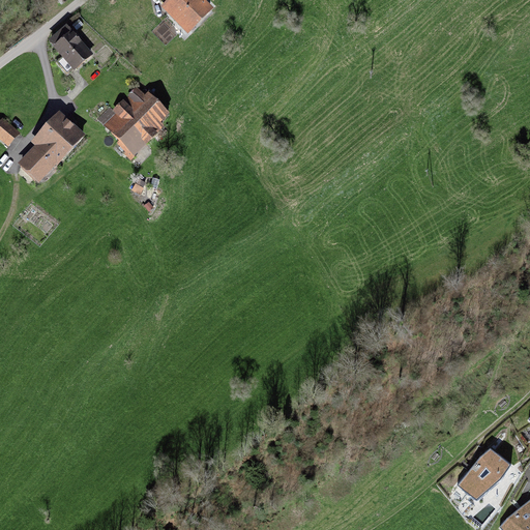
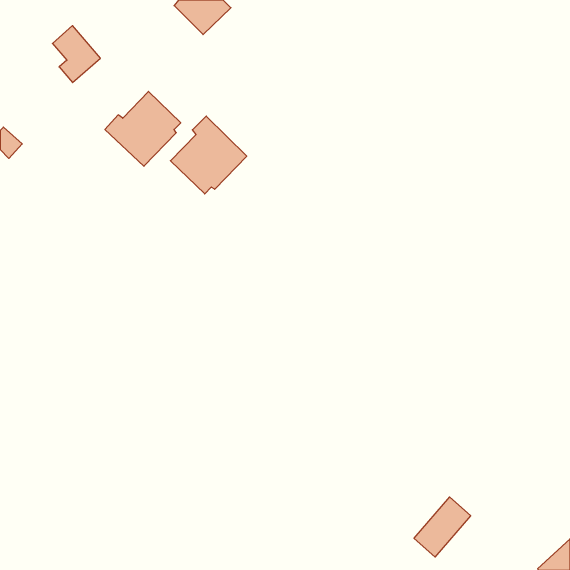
building: none -> [170,116,247,194]
building: [19,109,86,181] -> none
building: [458,447,510,503] -> [414,497,471,557]

